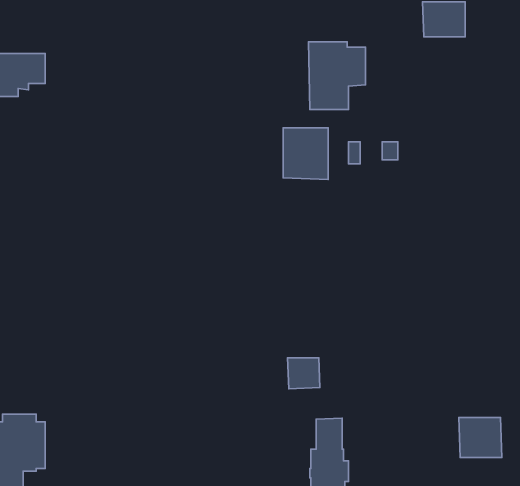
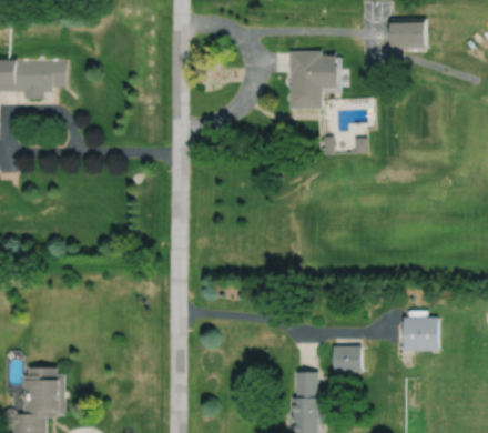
building: [283,128,328,180] -> none
building: [288,358,320,389] -> [332,346,359,373]
building: [459,417,502,458] -> [400,315,437,350]

